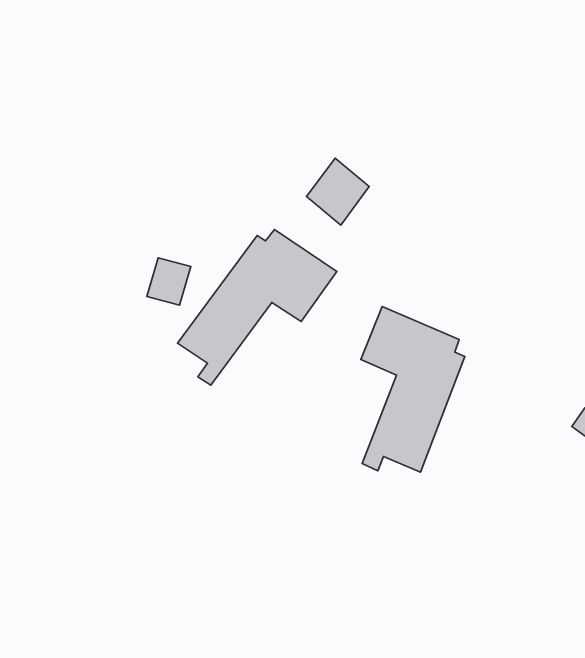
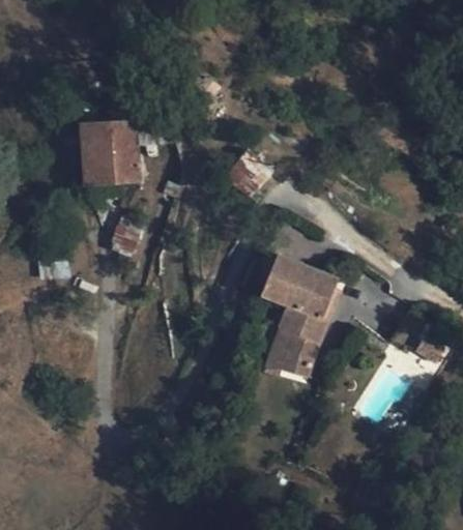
building: none -> [81,122,139,184]
building: [178,229,337,385] -> none

